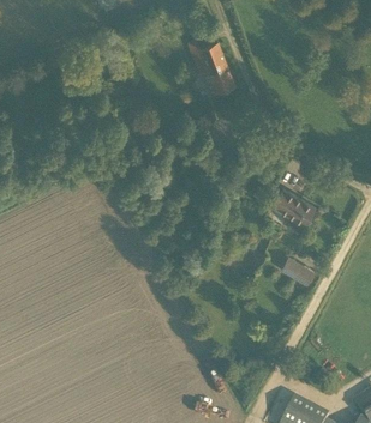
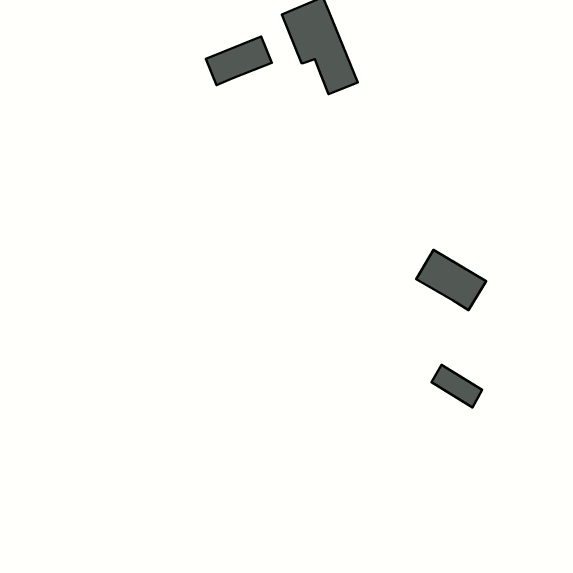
building: none -> [206,37,272,85]

